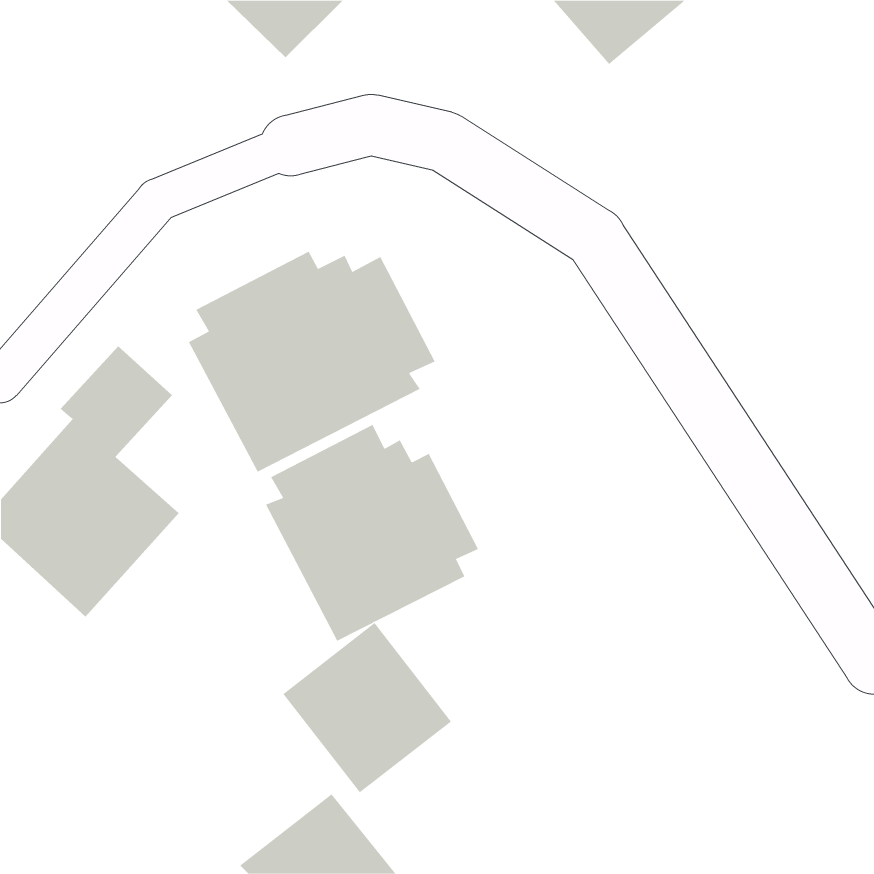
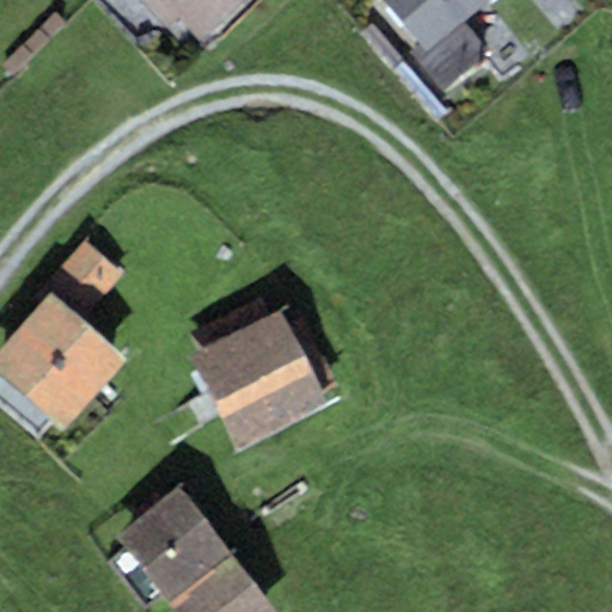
building: [188,251,435,473] -> none
building: [282,622,452,793] -> [114,485,232,605]

